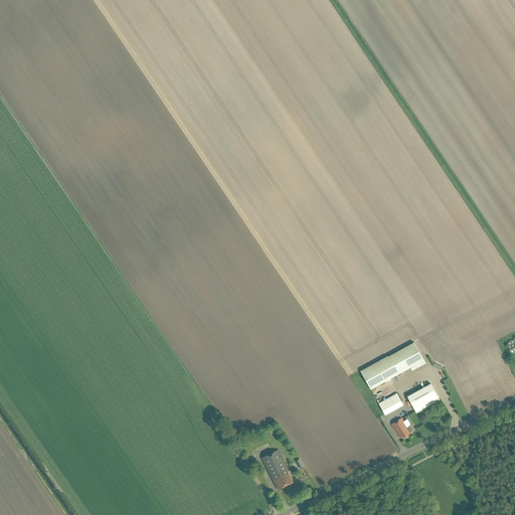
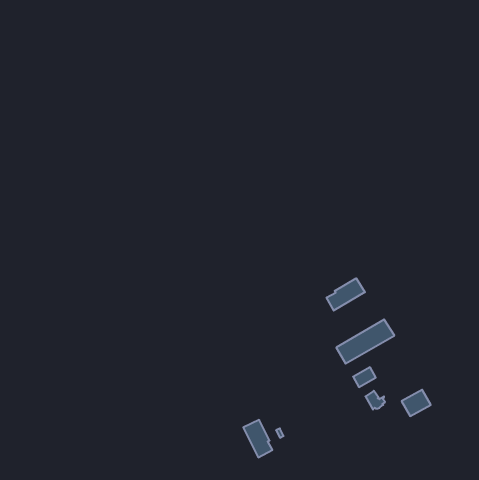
building: none -> [327,278,365,311]
building: [407,384,439,412] -> [402,390,431,416]

